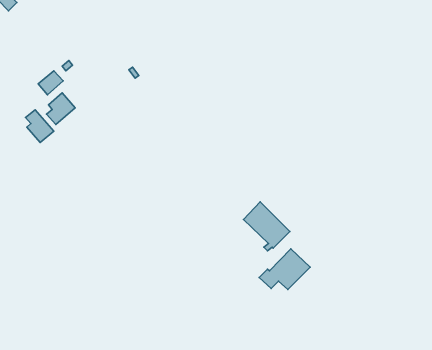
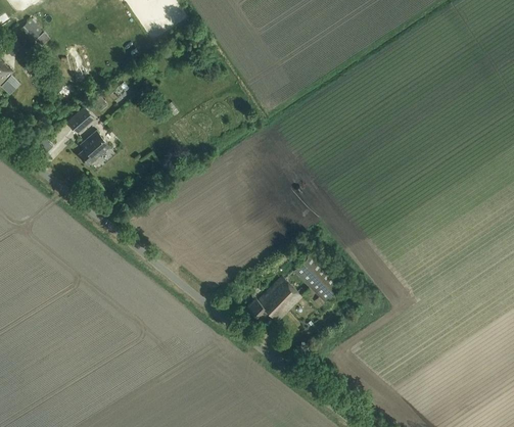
building: [25,110,54,143] -> none
building: [259,249,310,289] -> [245,278,301,323]

